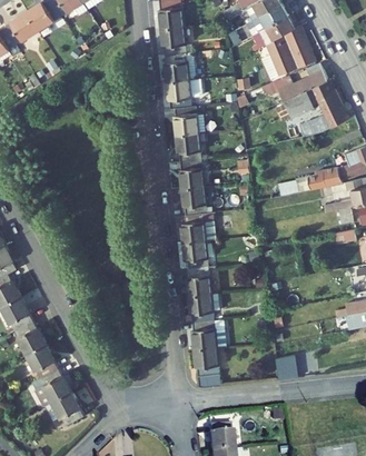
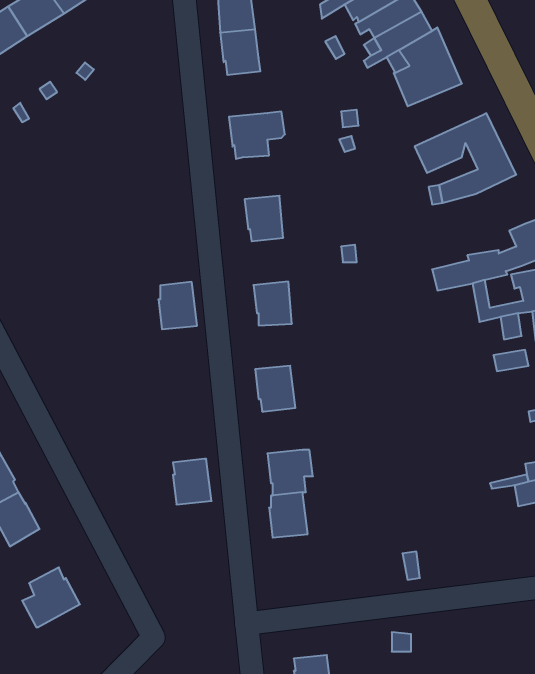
building: [166,51,196,81] -> none
building: [264,62,328,100] -> none
building: [175,105,206,133] -> none
building: [180,158,205,188] -> [158,282,197,329]
building: [181,211,216,241] -> none
building: [189,266,214,295] -> [173,459,212,504]
building: [28,343,59,377] -> none
building: [195,346,221,387] -> none
building: [46,390,85,425] -> none

